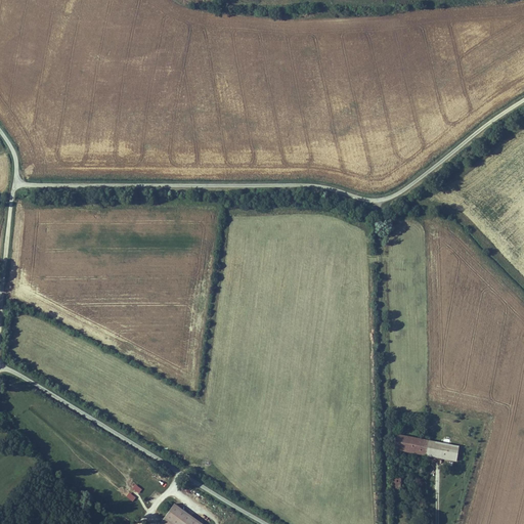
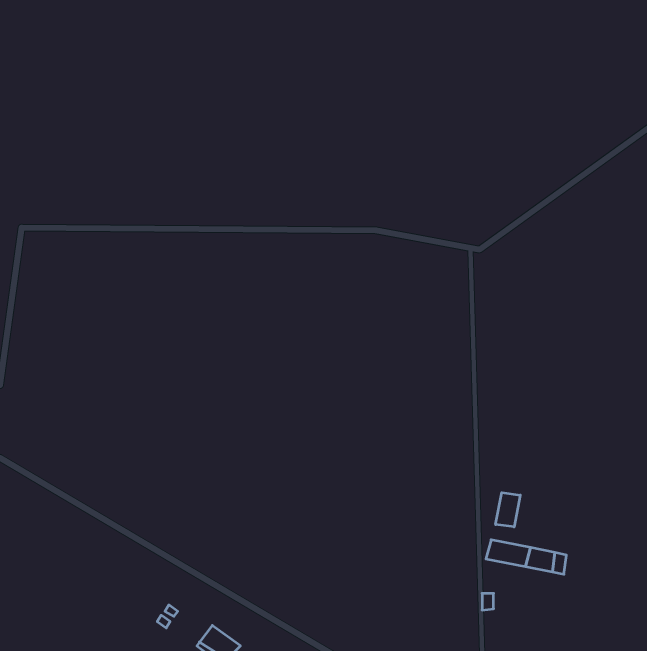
building: none -> [496,493,520,527]

